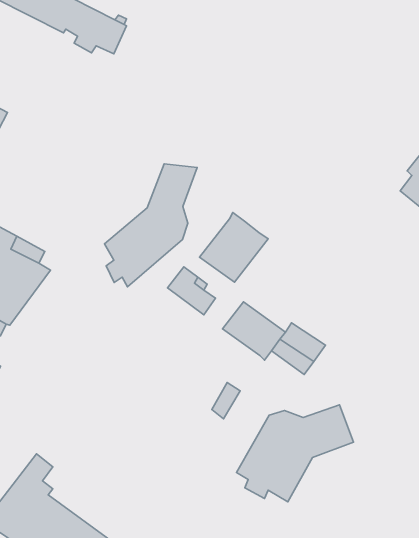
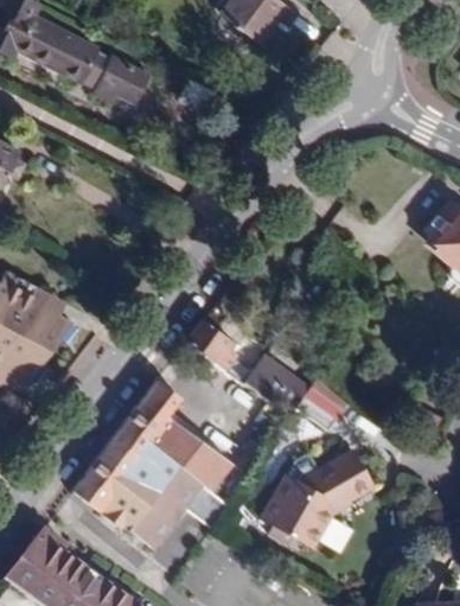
building: [105,164,197,287] -> none
building: [200,213,268,282] -> none
building: none -> [74,378,230,549]

